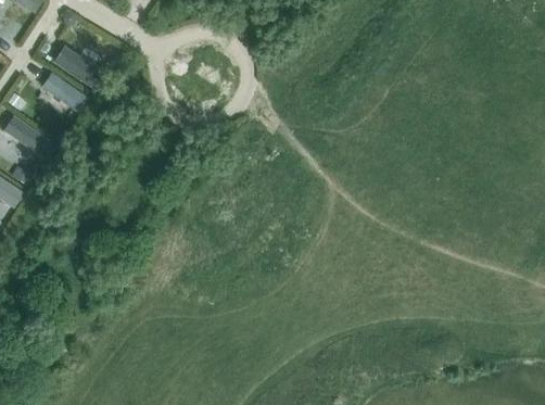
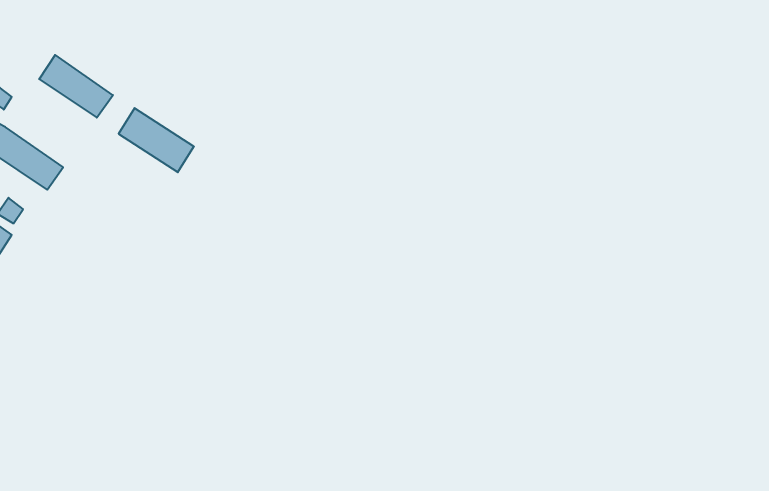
building: [52,47,103,90] -> [119,108,194,172]

